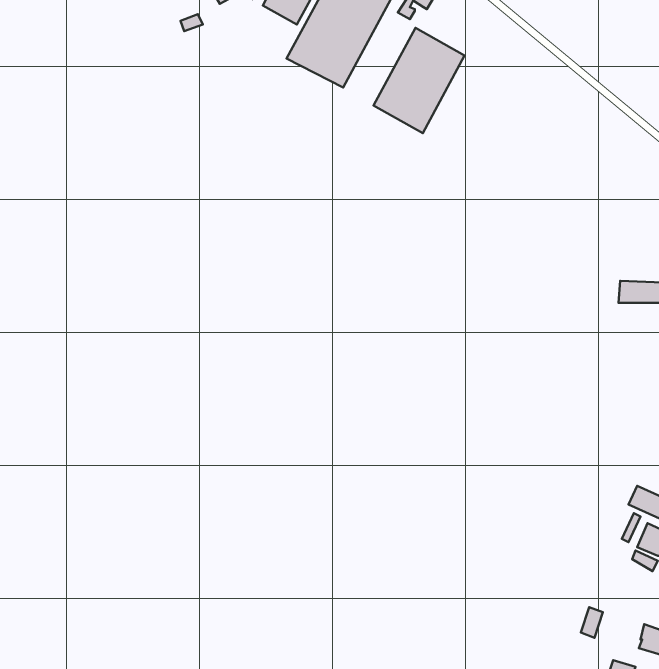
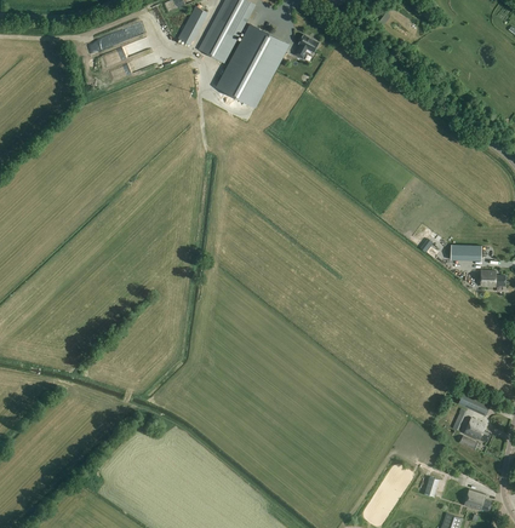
building: [374,28,465,133] -> none

